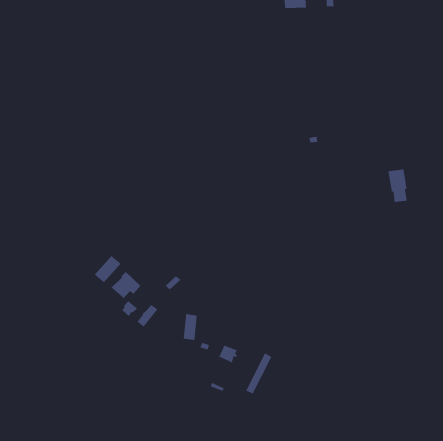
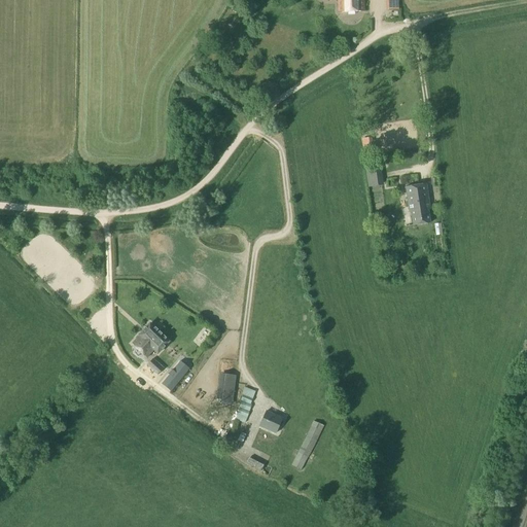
building: [388,169,408,202] -> [406,183,429,223]
building: [94,255,121,283] -> none

